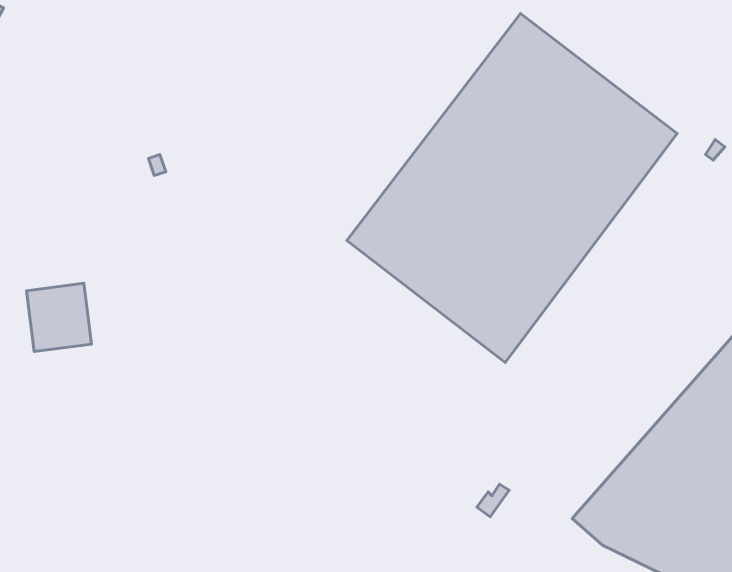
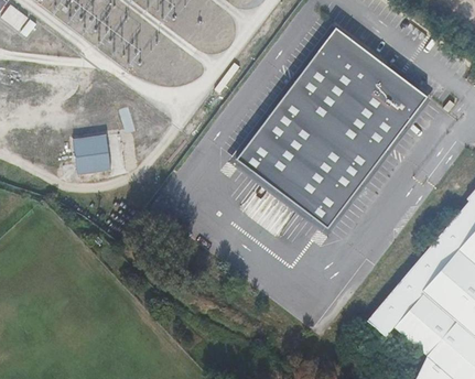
building: [26,283,91,352] -> [75,134,112,174]

